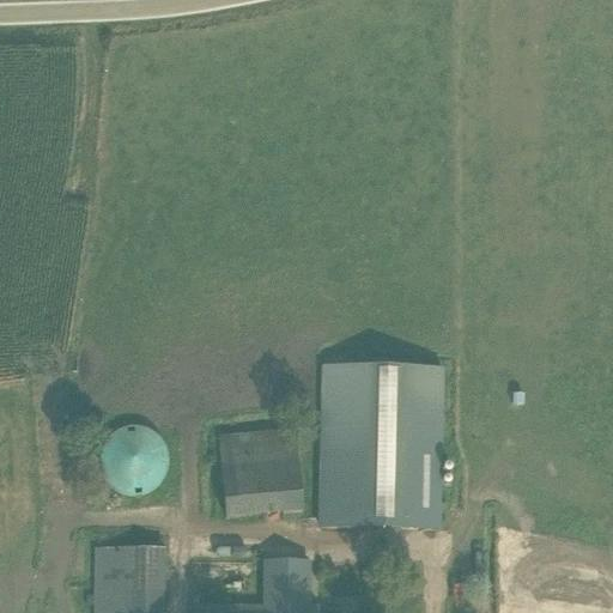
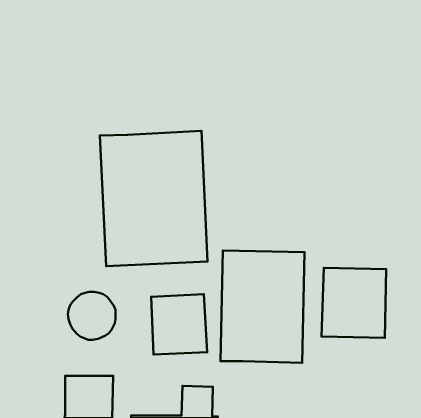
building: none -> [100,131,207,266]
building: none -> [322,268,386,338]

